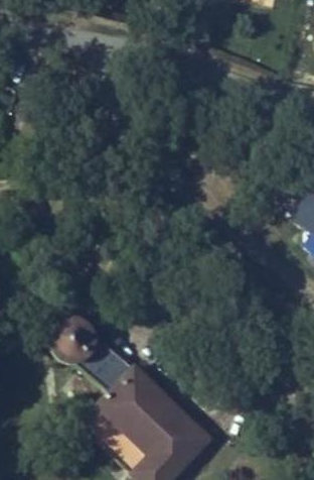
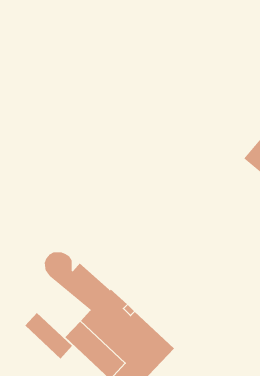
building: none -> [24,312,73,359]

